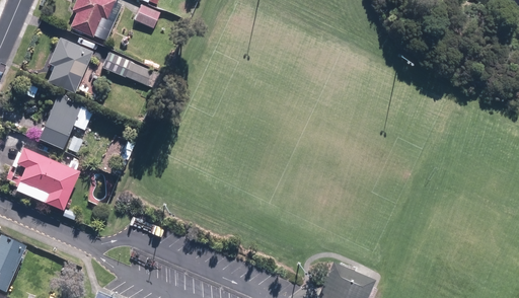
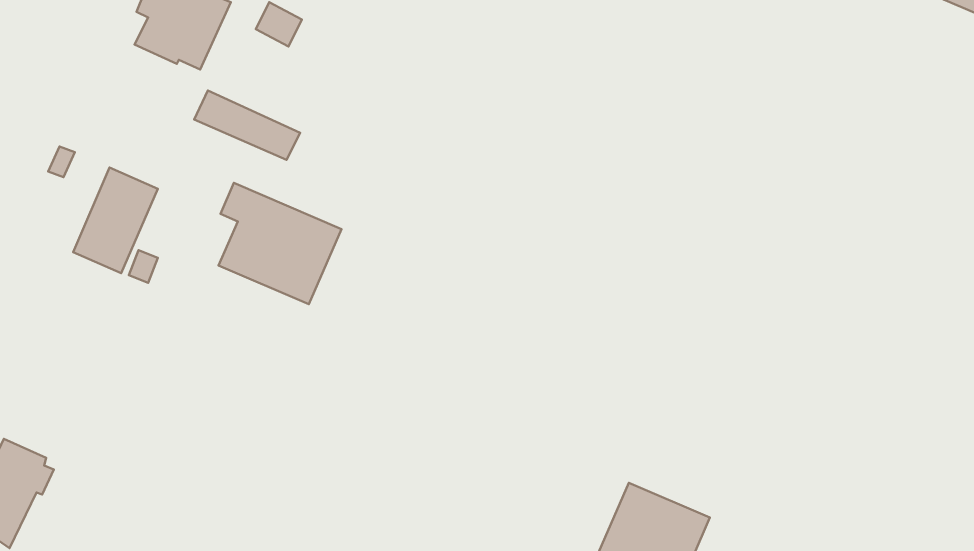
building: [48,38,93,93] -> none
building: [16,146,81,210] -> [219,183,342,304]

